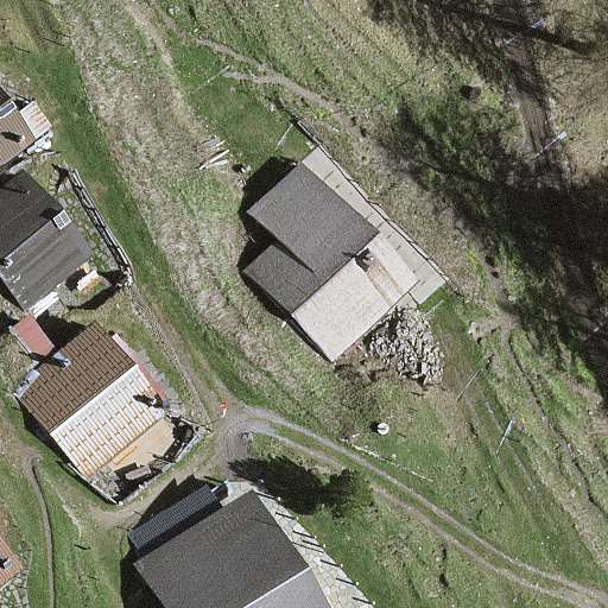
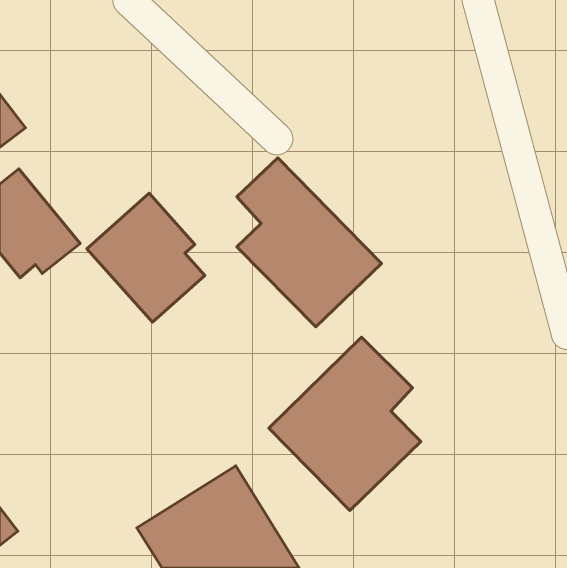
building: [24,329,150,467] -> [87,193,205,322]
building: none -> [269,337,421,510]

